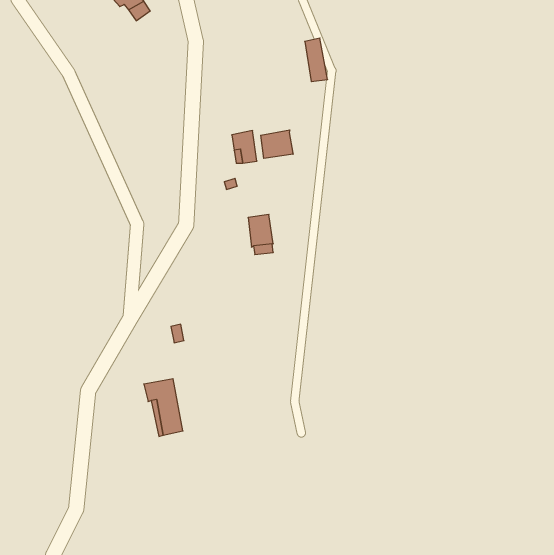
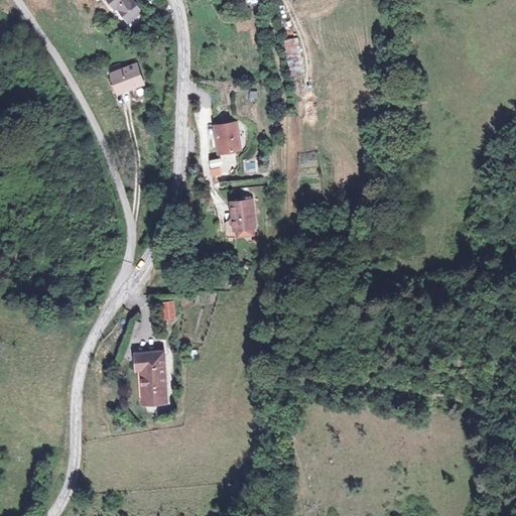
building: none -> [108,64,141,91]
building: [261,130,293,158] -> none

